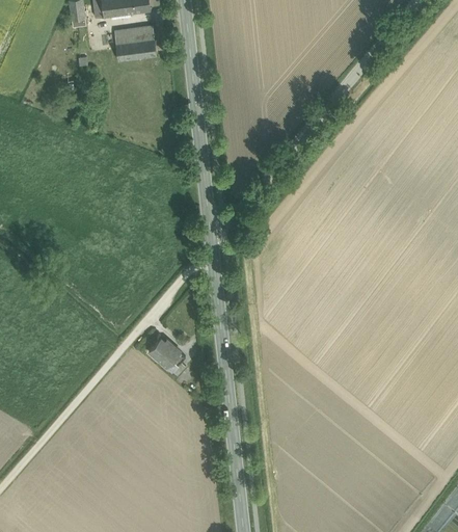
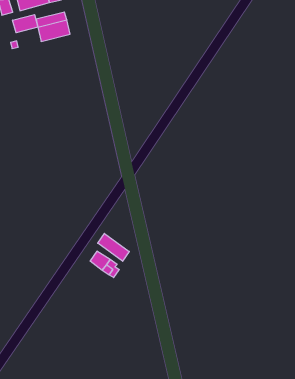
building: none -> [13,15,38,33]
building: none -> [98,233,129,261]

